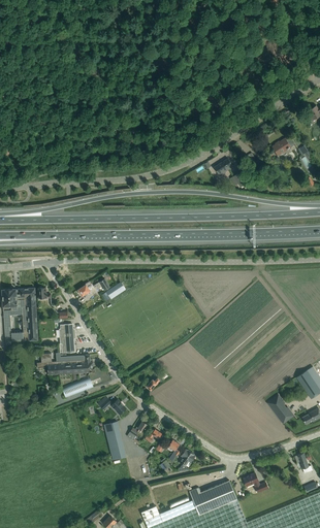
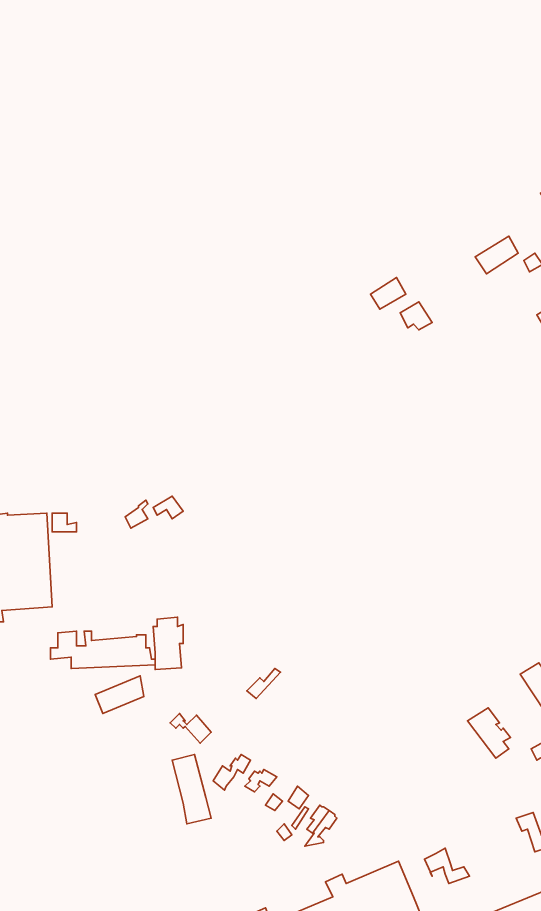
building: [59,324,75,353] -> [153,617,183,670]

